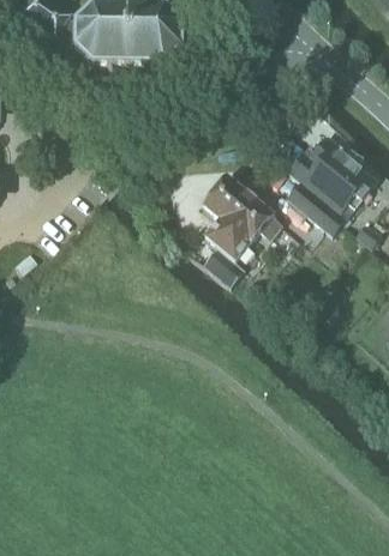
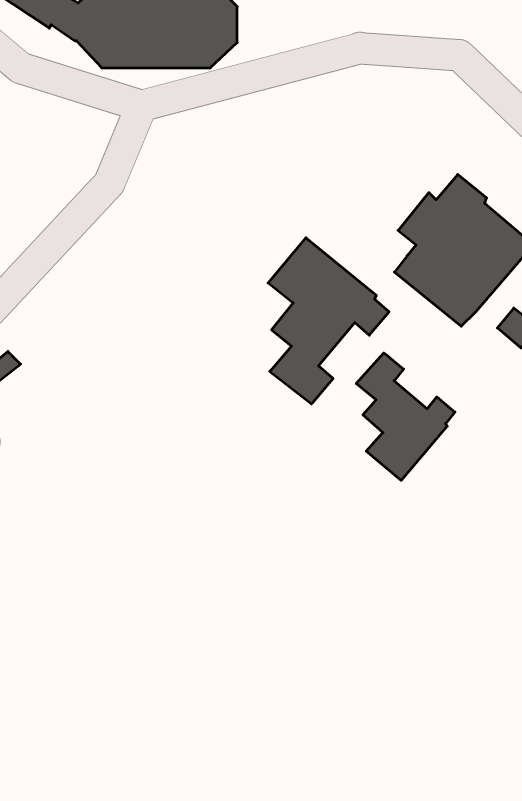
building: none -> [356,353,455,480]

